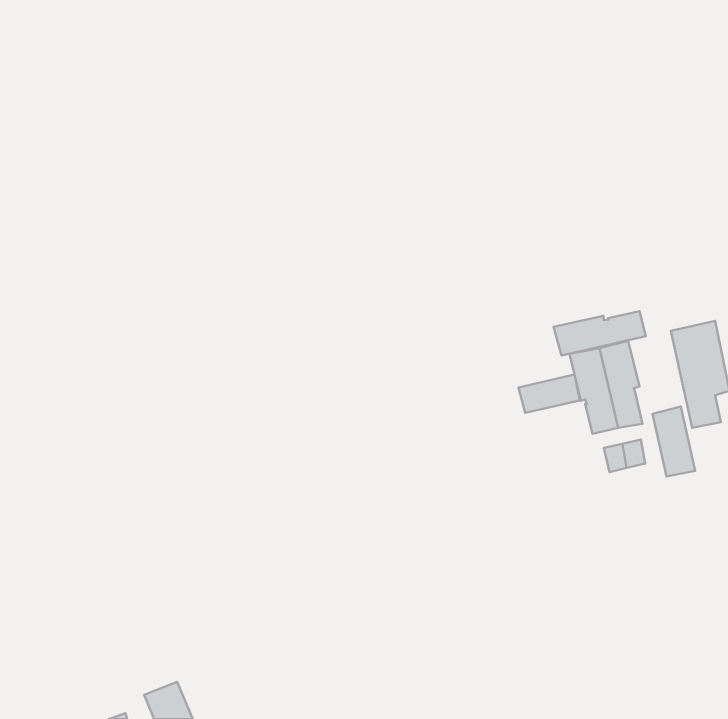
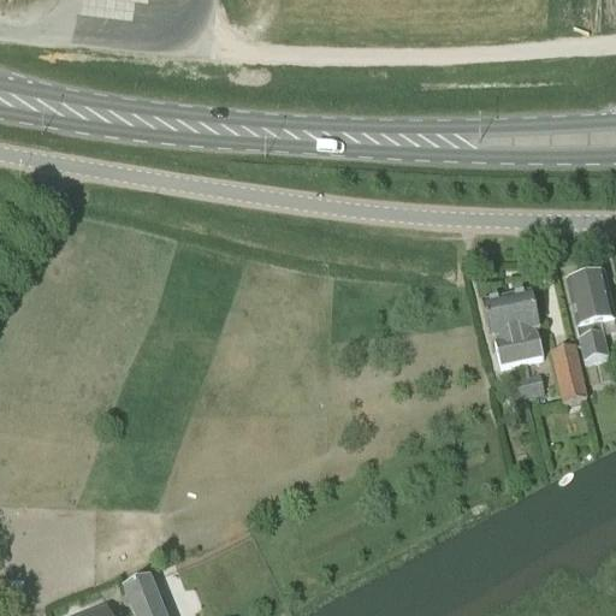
building: [554,311,646,356] -> none
building: [519,374,580,413] -> none

